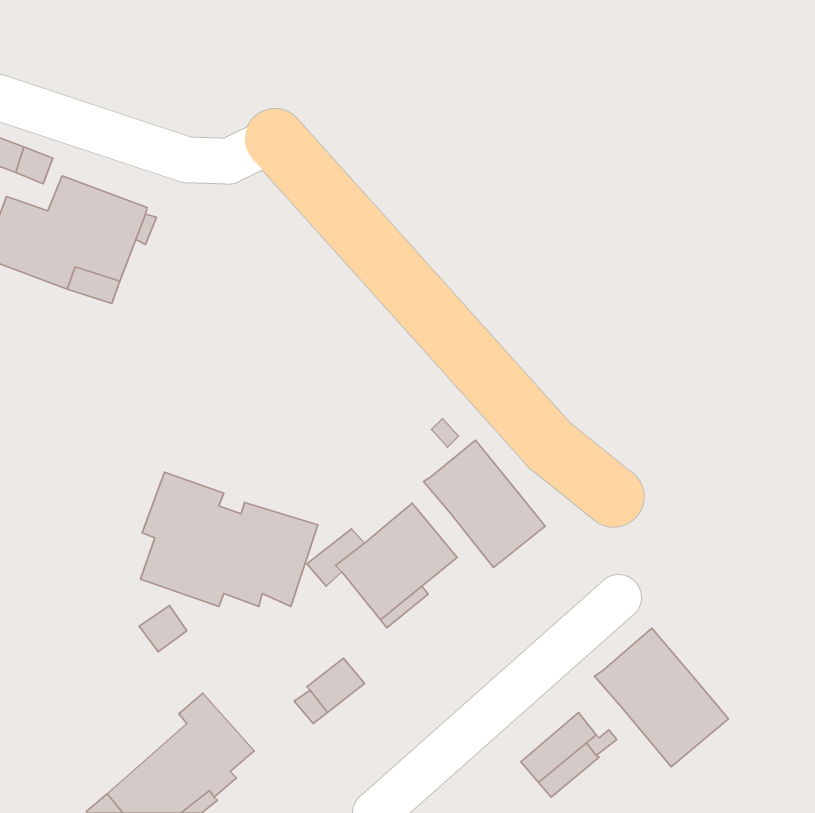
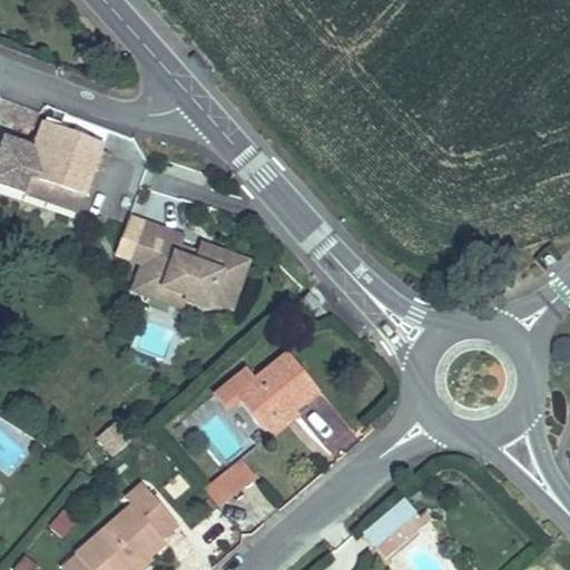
building: [424,440,545,567] -> none
building: [141,472,318,606] -> [126,218,249,312]
building: [594,628,729,767] -> none

